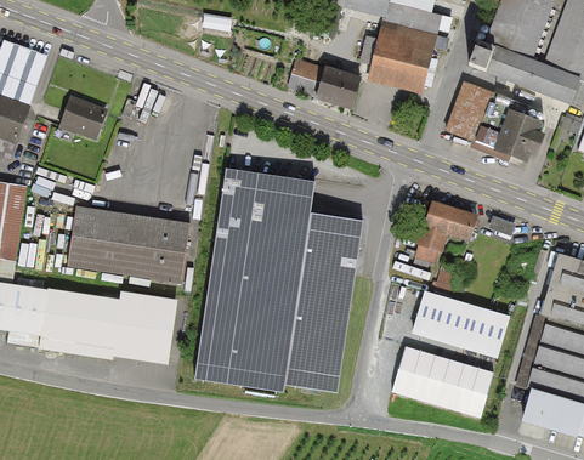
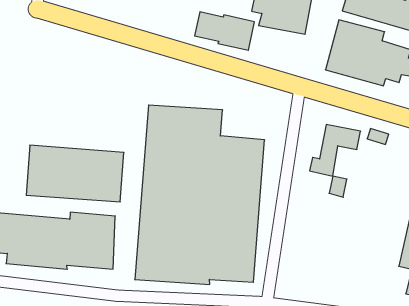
building: [59,95,107,140] -> none
building: [412,289,510,357] -> none
building: [391,346,493,418] -> none

